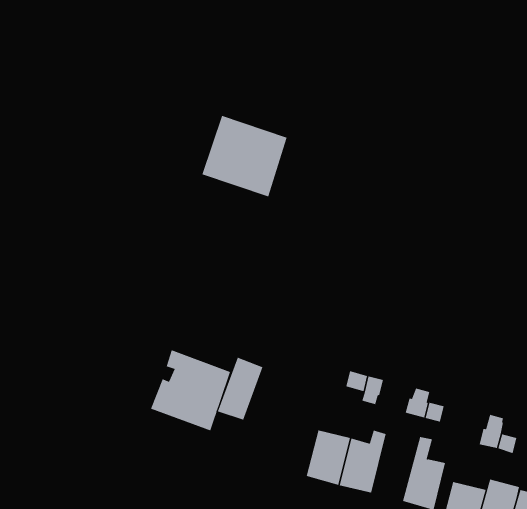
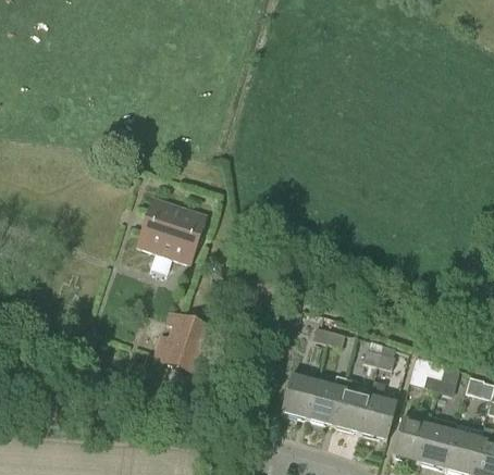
building: [202,115,287,197] -> [136,196,207,263]
building: [217,357,263,420] -> none
building: none -> [335,378,374,434]

